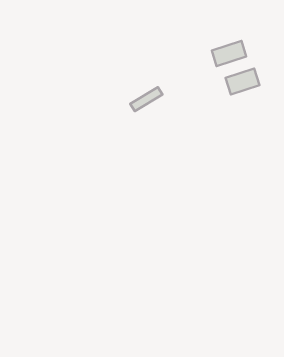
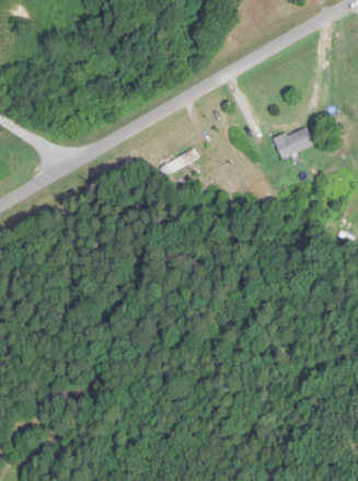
building: [212,41,246,66] -> none

